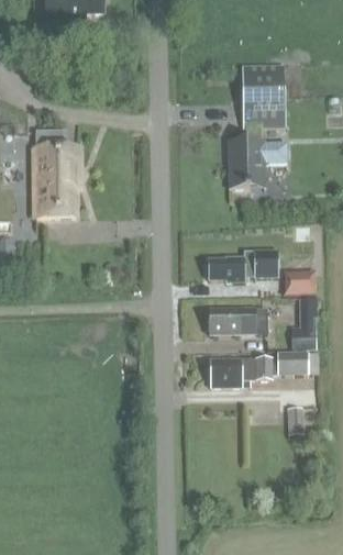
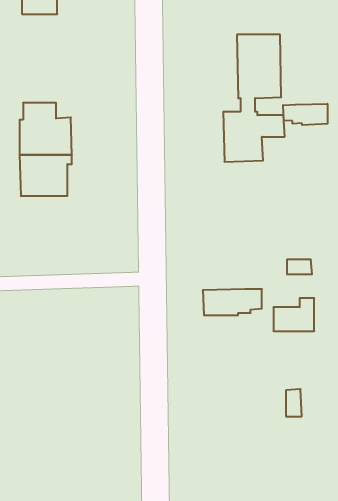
building: none -> [283,104,328,125]
building: [207,249,278,282] -> none
building: [210,353,307,386] -> none

